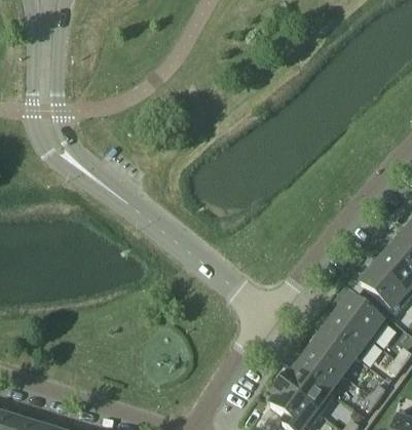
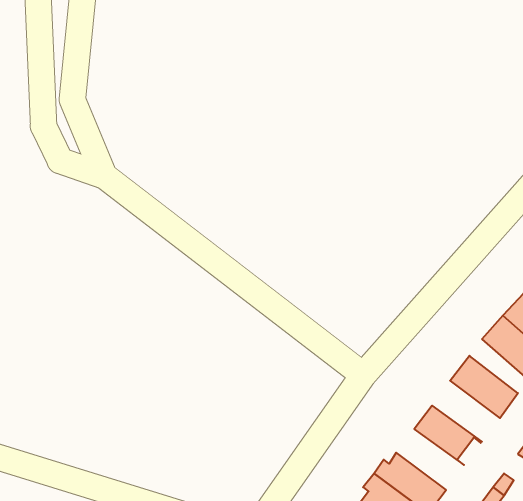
building: [323,310,373,355] -> none
building: [296,346,346,391] -> none

